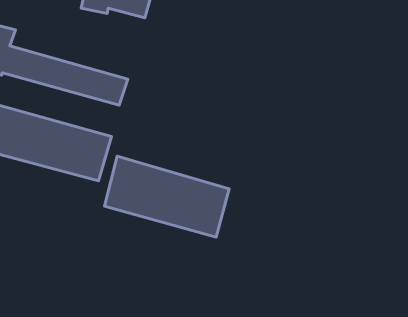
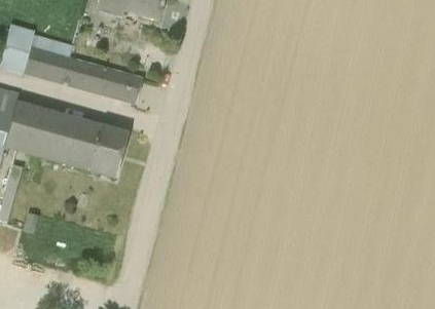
building: [105,156,229,237] -> none

